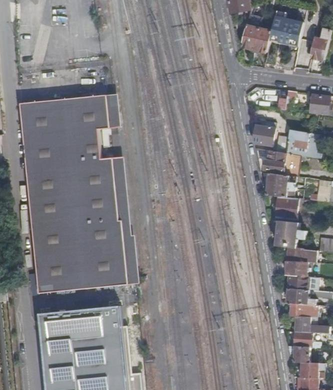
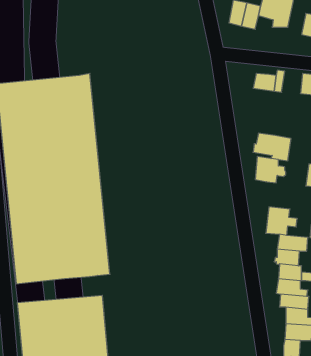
building: [253,124,274,147] -> none
building: [285,129,309,155] -> none
building: [276,196,297,219] -> none

